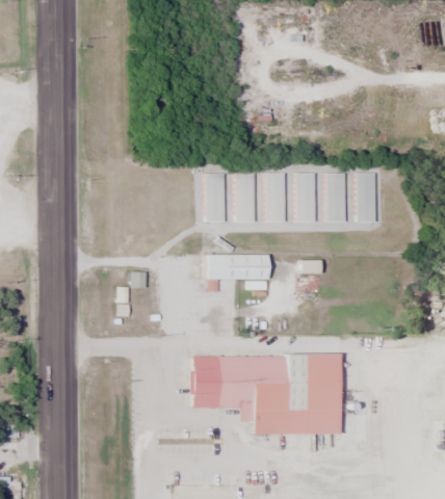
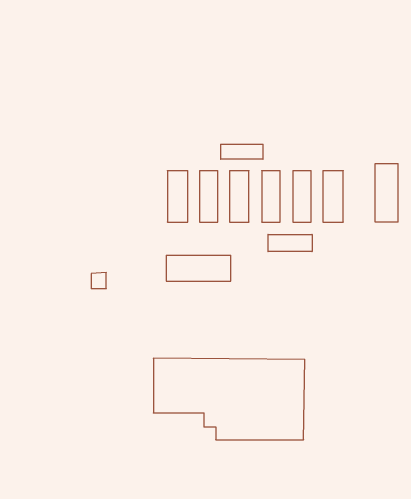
building: none -> [221,144,263,159]
building: none -> [375,164,398,222]
building: none -> [268,234,312,252]

